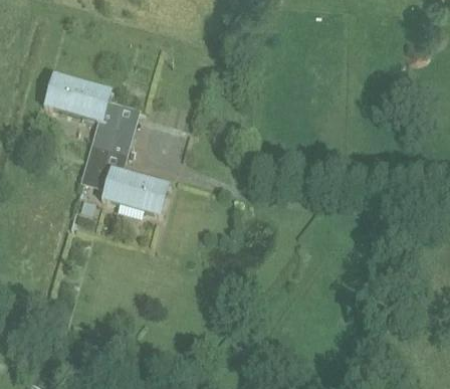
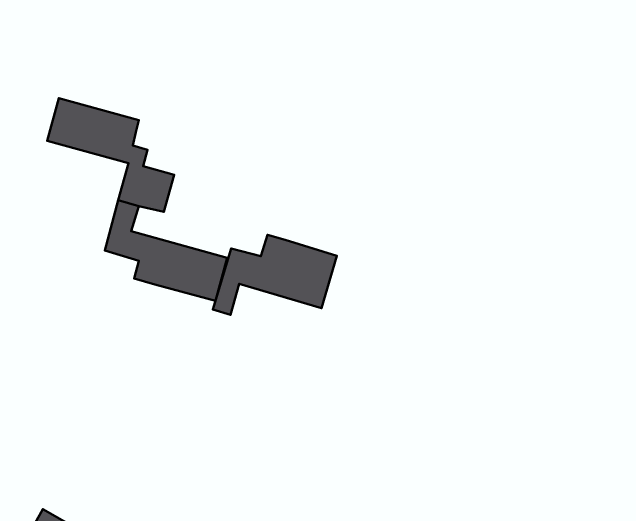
building: none -> [213,235,337,315]

